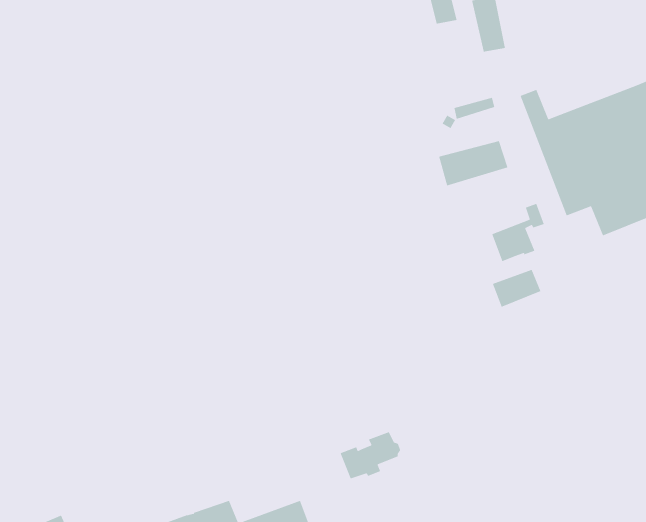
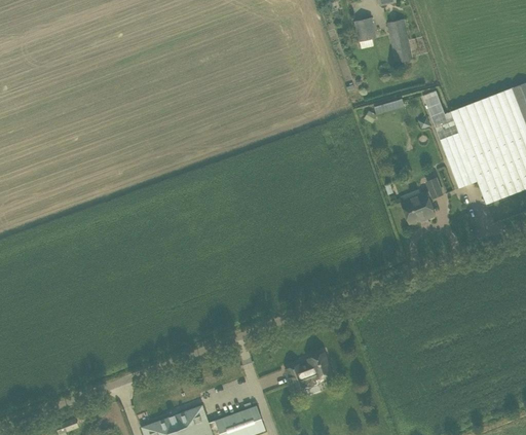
building: [438,140,508,187] -> none
building: [492,269,541,308] -> none

